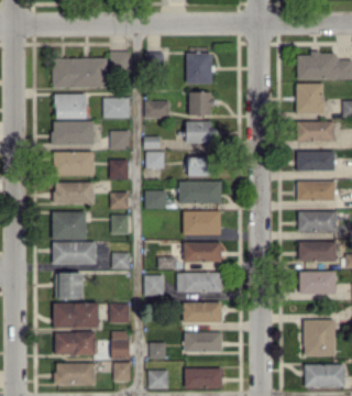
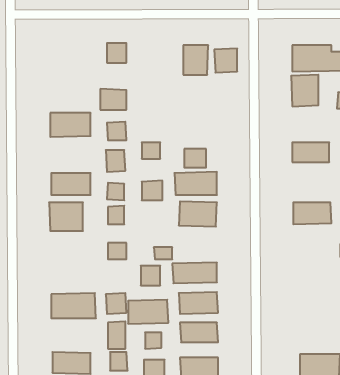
building: [53,58,108,88] -> none
building: [188,91,211,116] -> [214,49,237,73]
building: [55,94,86,119] -> none
building: [145,100,169,119] -> none
building: [186,121,212,144] -> none
building: [297,121,333,141] -> none
building: [53,151,94,175] -> none
building: [297,180,334,200] -> none
building: [298,241,337,262] -> none
building: [53,242,96,264] -> none
building: [184,242,221,262] -> none
building: [299,271,336,295] -> none
building: [55,273,82,299] -> none
building: [304,319,336,356] -> none
building: [55,331,96,355] -> [128,300,168,324]

